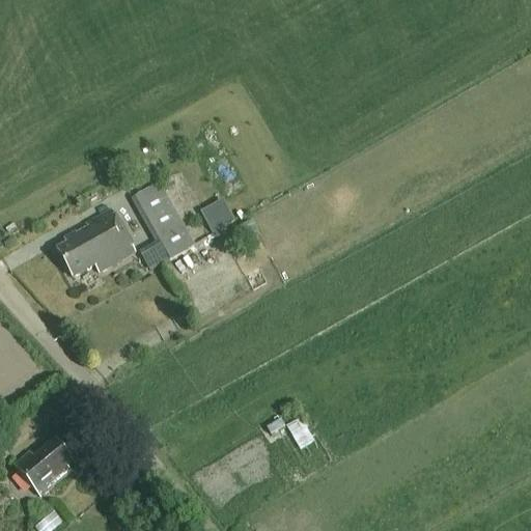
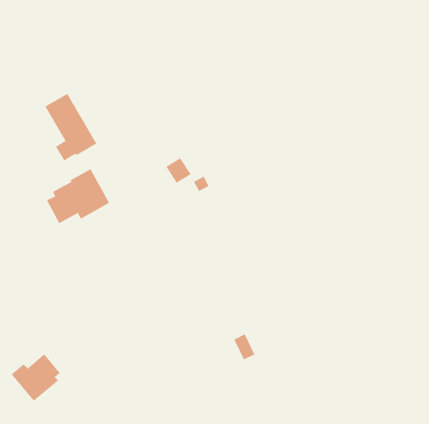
building: [131,180,196,264] -> [44,93,97,161]

